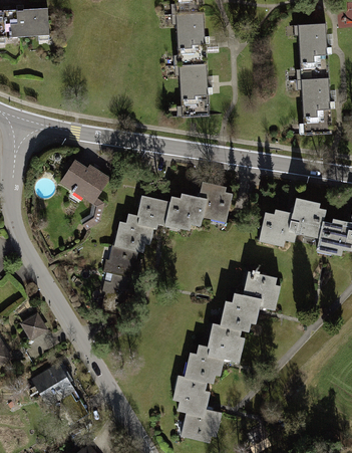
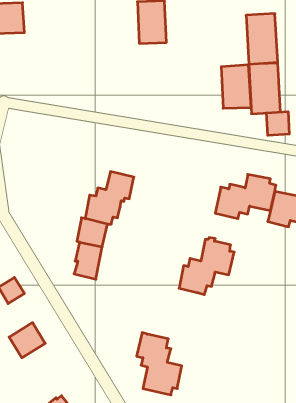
building: [175,51,209,99] -> [221,65,251,108]
building: none -> [266,112,289,135]
building: [60,157,110,231] -> none
building: [164,182,234,230] -> none
building: [185,322,245,382] -> none

